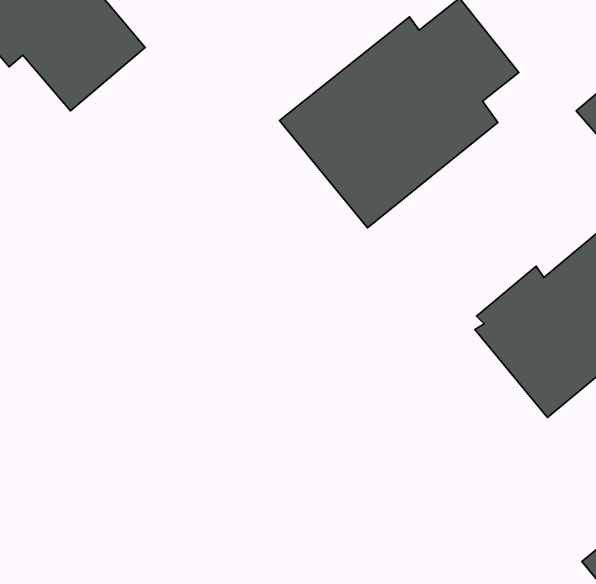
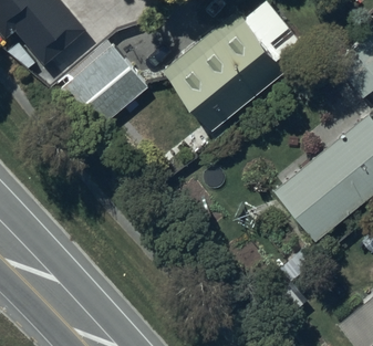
building: none -> [62,40,148,130]

